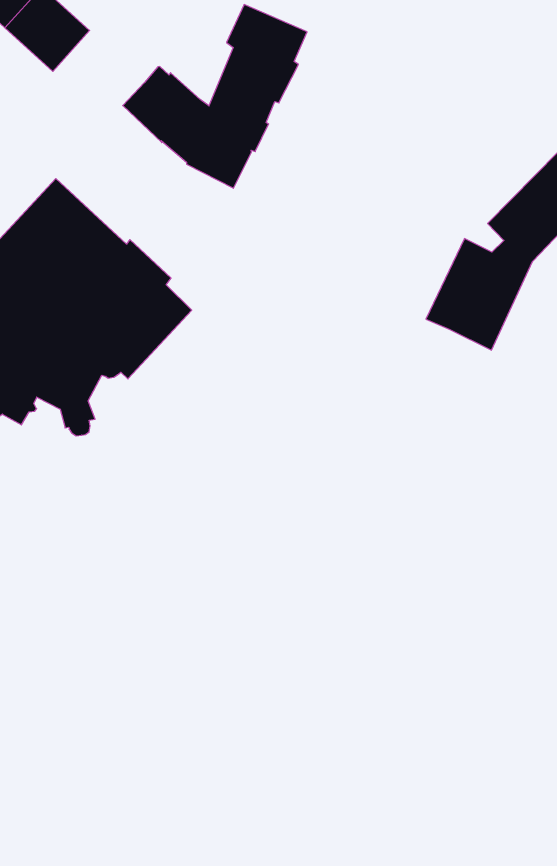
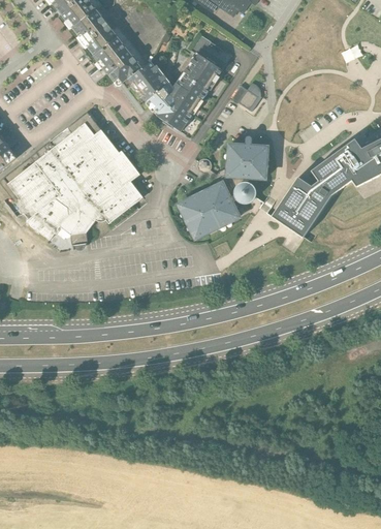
building: none -> [94,36,141,85]
building: none -> [232,81,265,110]
building: none -> [178,135,268,240]

